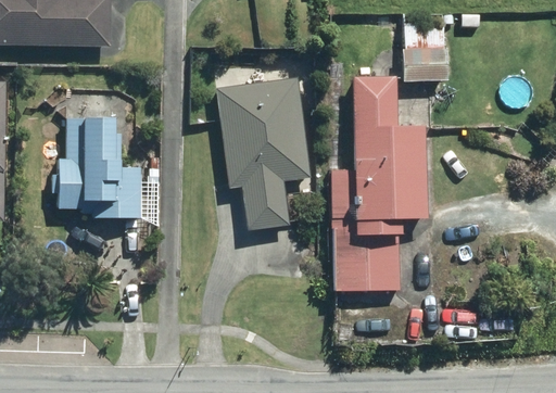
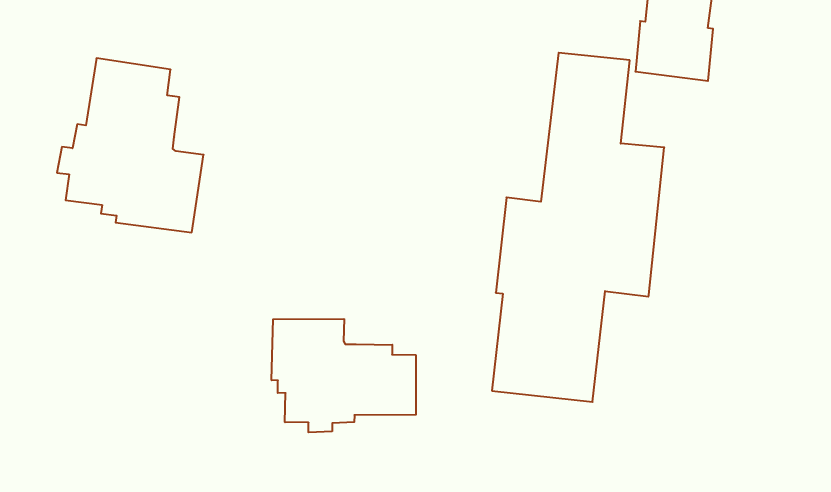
building: [216,78,309,230] -> none
building: none -> [272,319,416,432]

